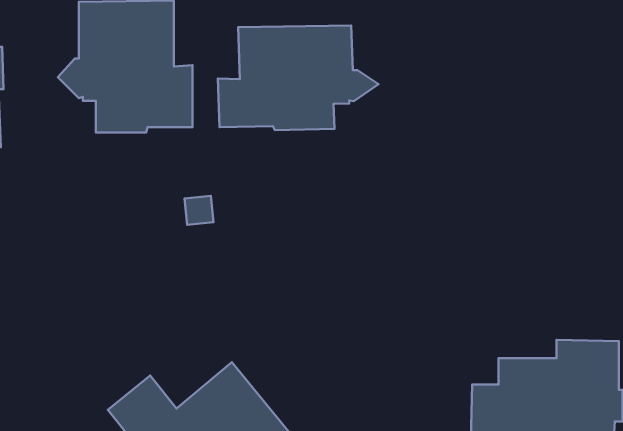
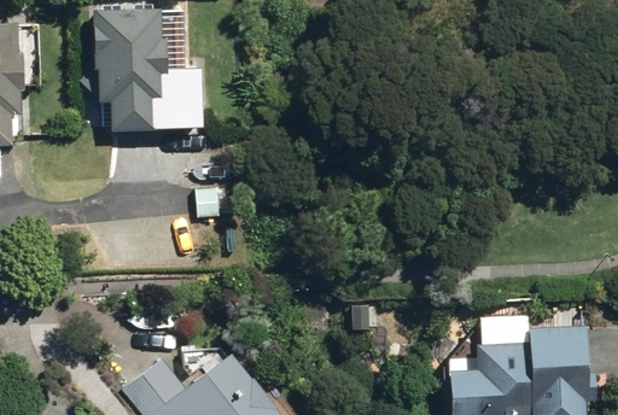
building: [218,26,378,130] -> none

